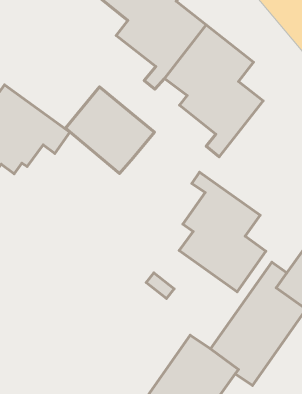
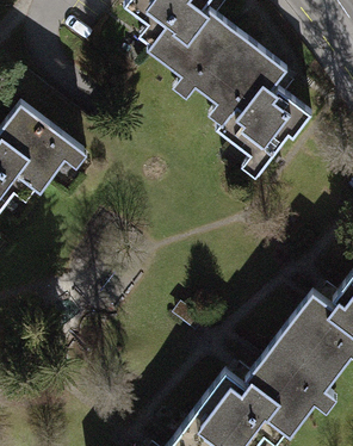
building: [65,87,155,174] -> none
building: [179,172,266,292] -> none

